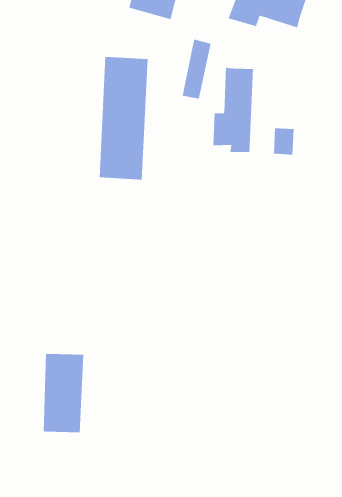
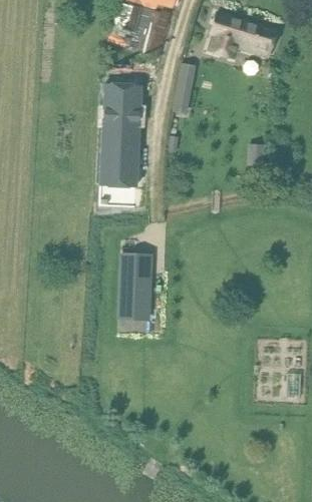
building: [213,67,253,153] -> none
building: [43,353,84,433] -> [117,252,152,319]

